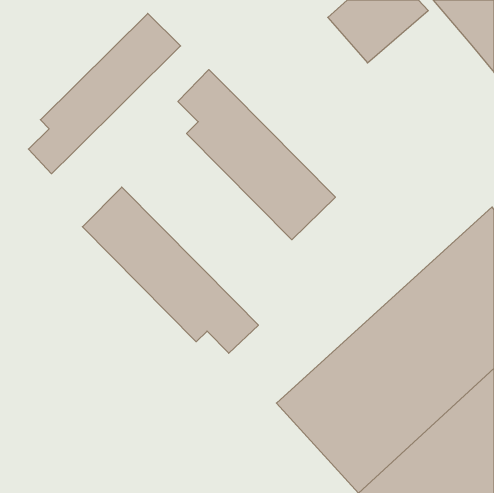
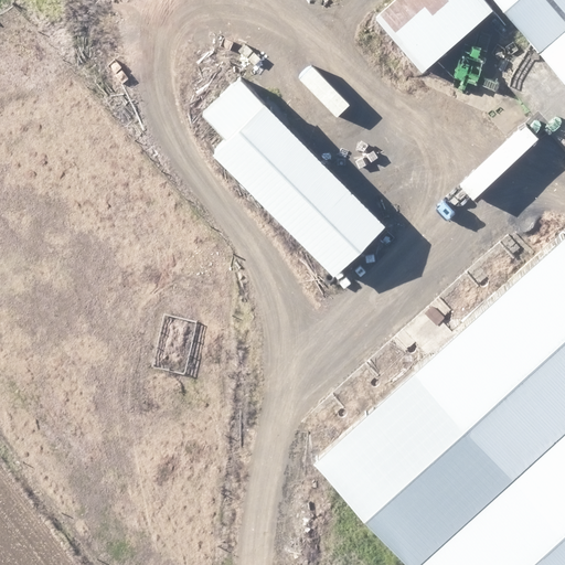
building: [28,13,181,174] -> none
building: [82,187,258,353] -> none

